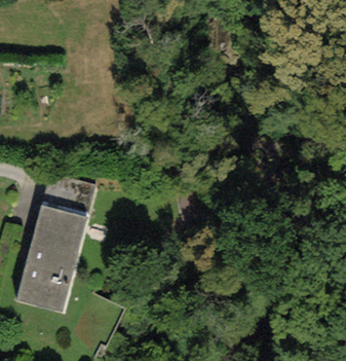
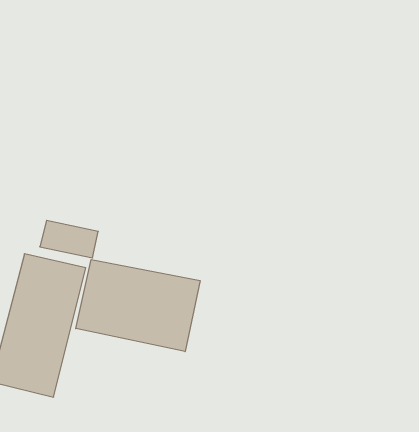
building: none -> [76,260,200,352]

